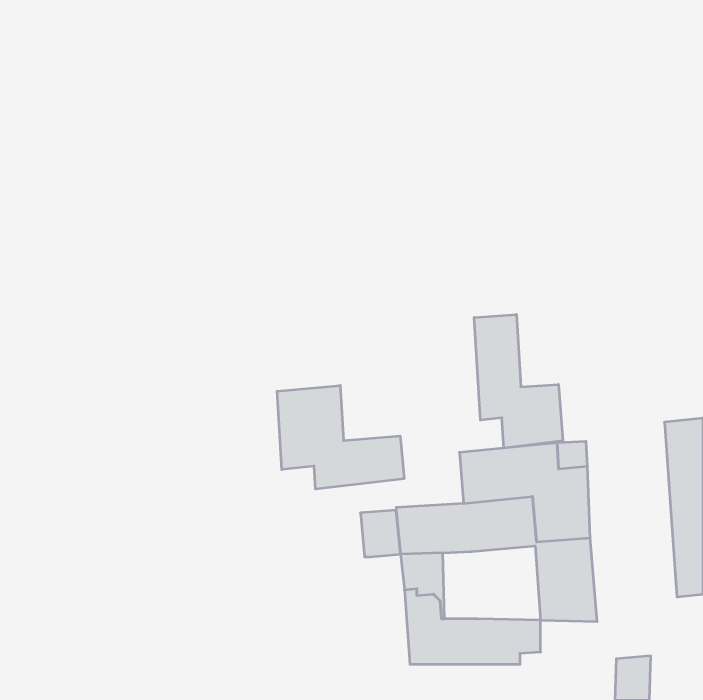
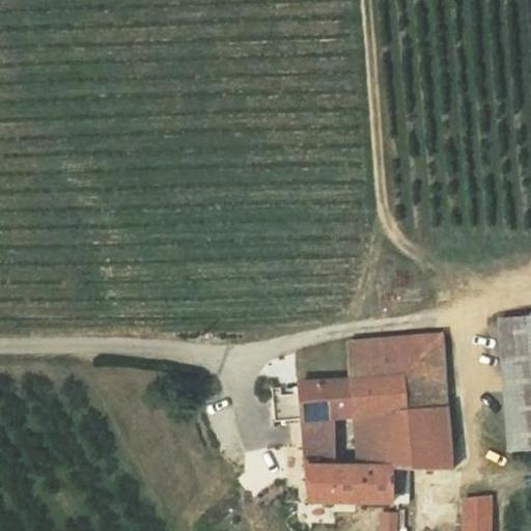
building: [474,314,563,448] -> none
building: [277,385,404,489] -> none
building: none -> [356,412,408,468]

